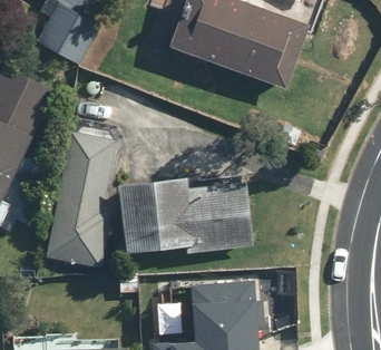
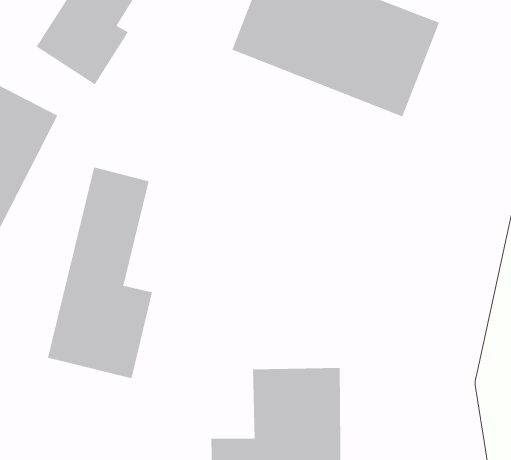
building: [121,182,253,257] -> none

